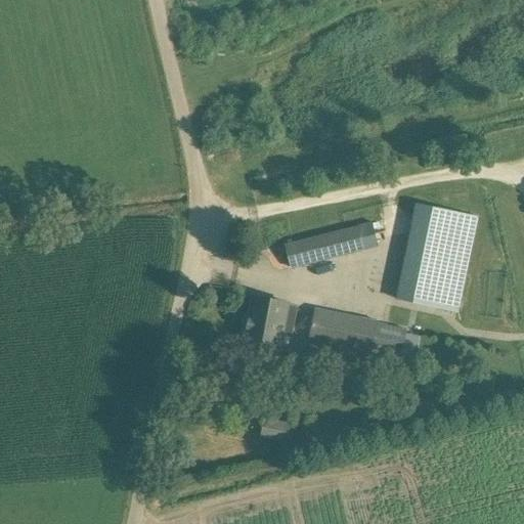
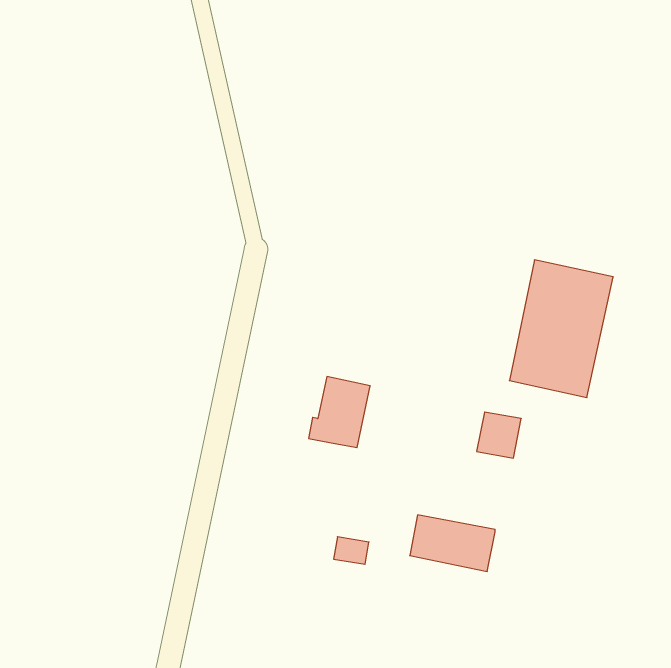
building: [287,225,365,267] -> none
building: [311,308,378,352] -> [410,515,495,571]

